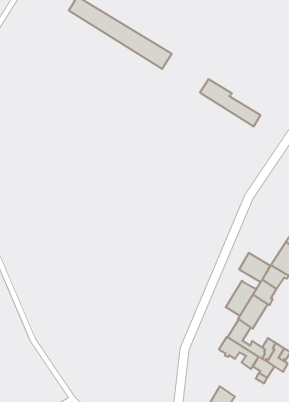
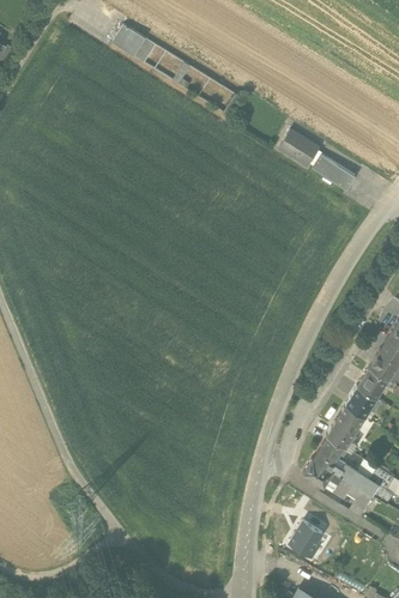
building: [239,253,270,282] -> none
building: [226,281,256,316] -> none

